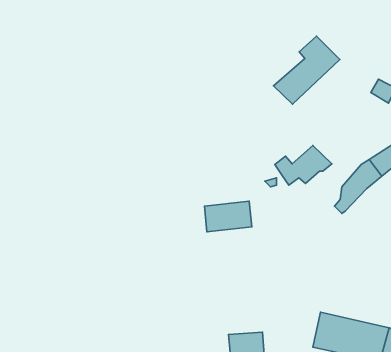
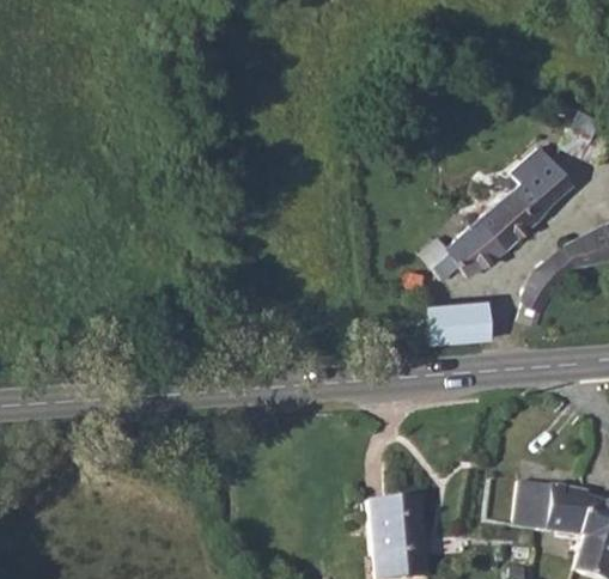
building: [273,36,340,104] -> [483,153,579,251]
building: [204,201,252,232] -> [422,295,491,340]

